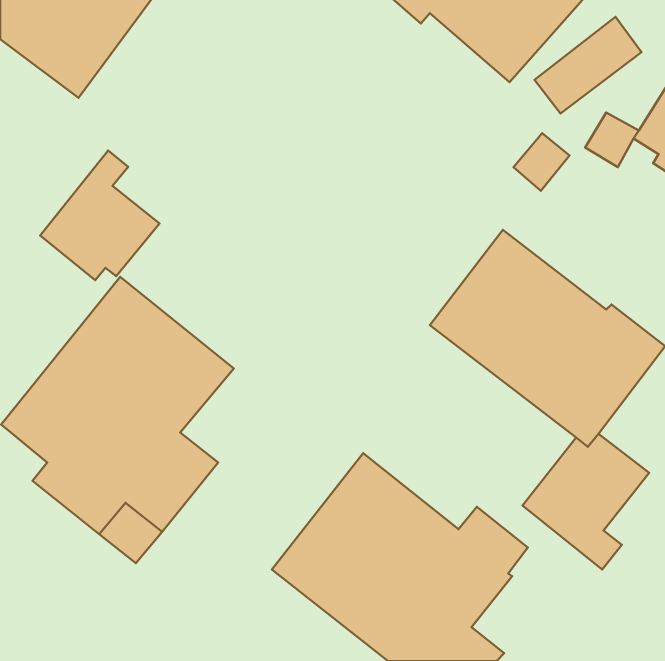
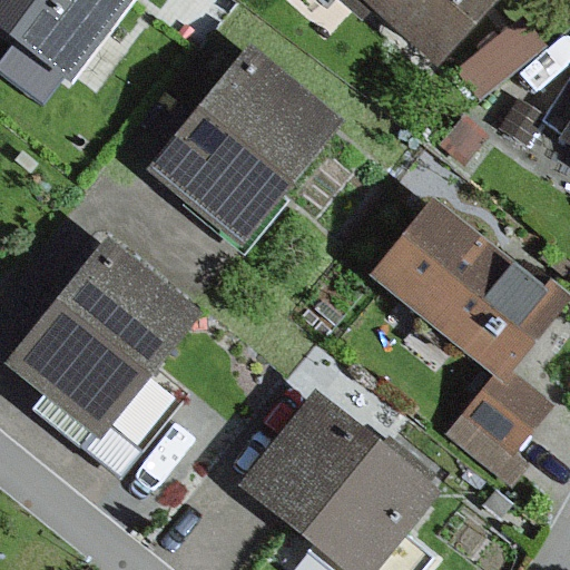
building: none -> [148,43,343,243]
building: [40,151,160,280] -> none

